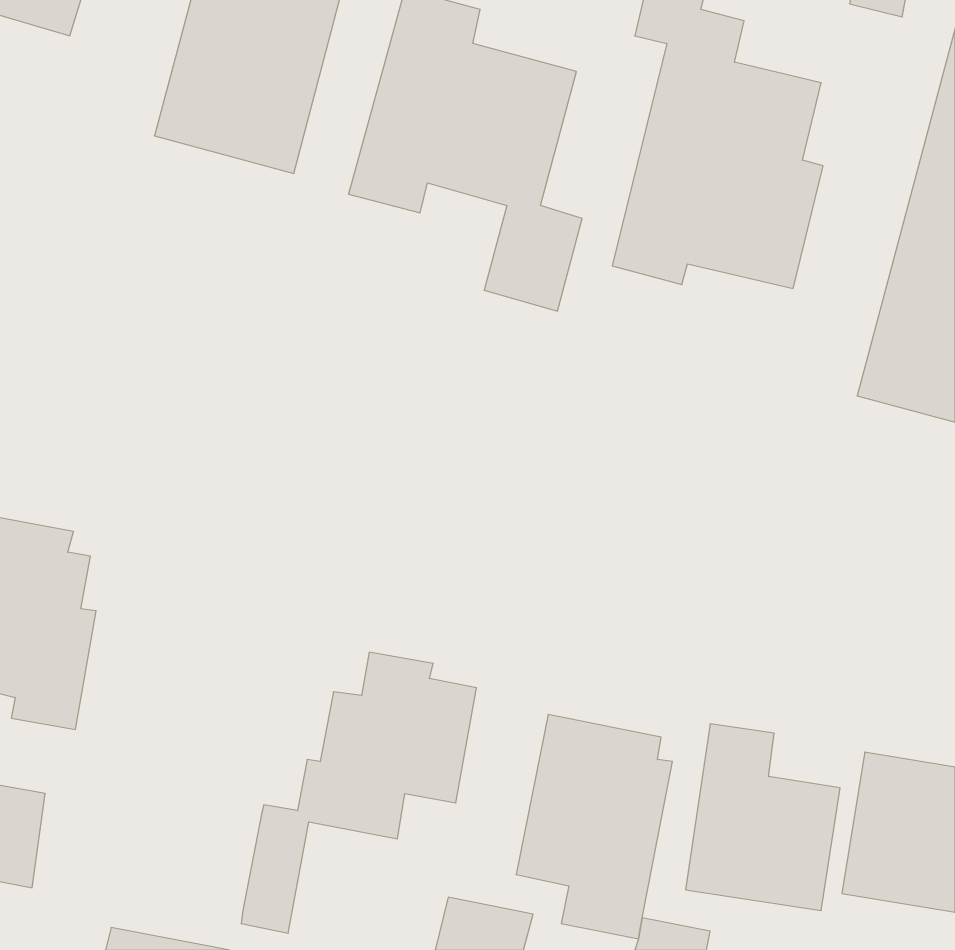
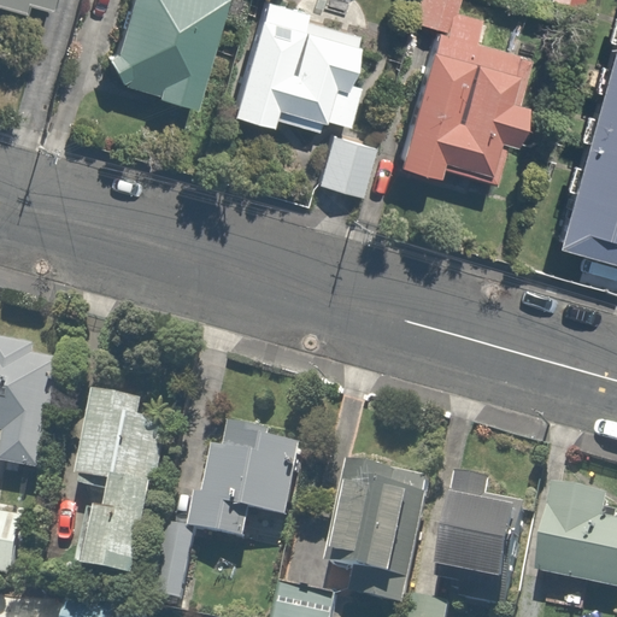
building: none -> [81,386,174,582]

